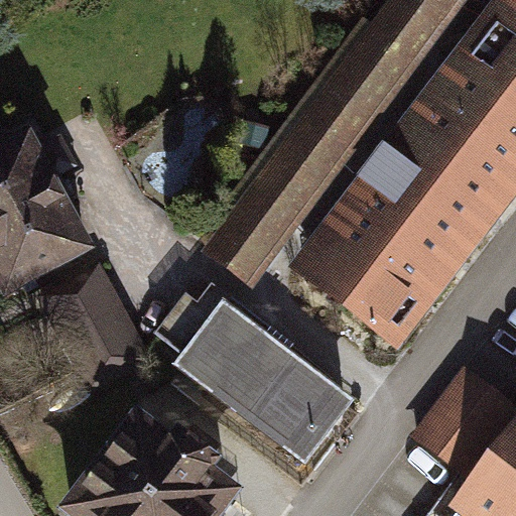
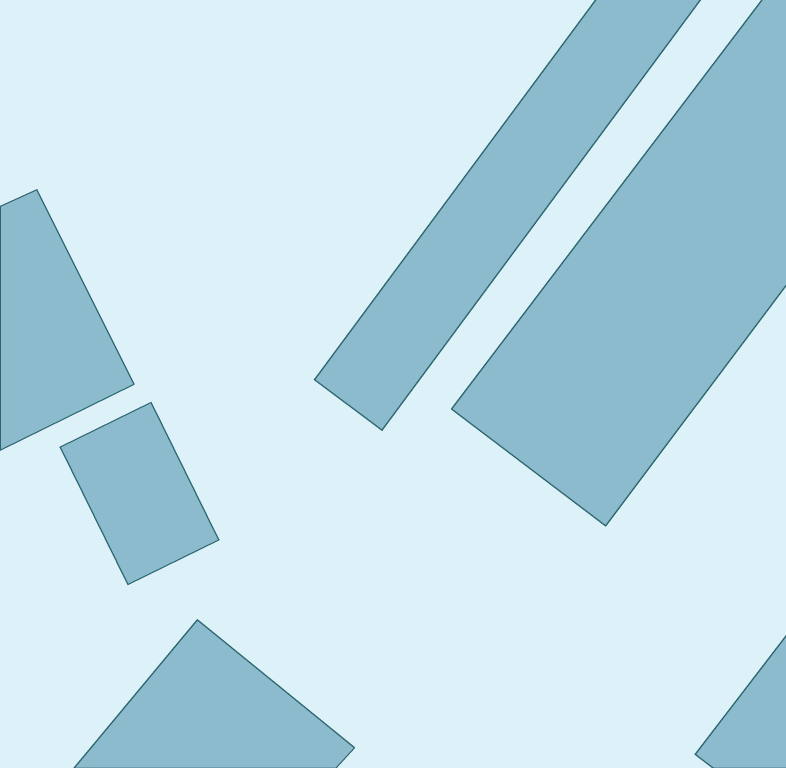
building: [171,301,346,463] -> none
building: [417,363,509,460] -> none

